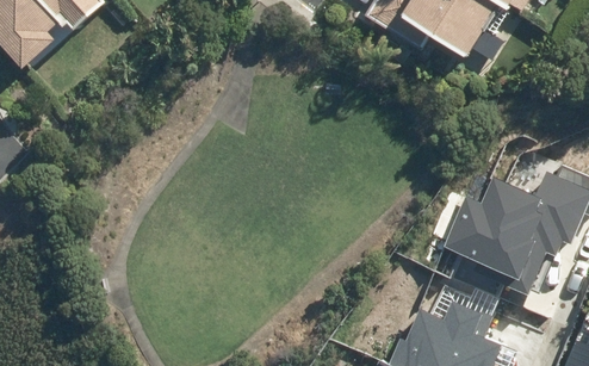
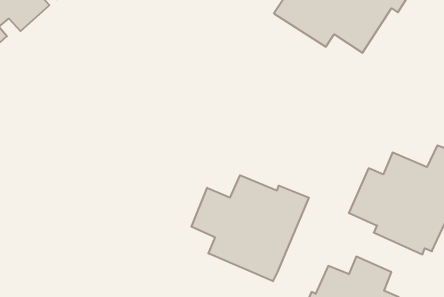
building: none -> [191,175,309,281]

